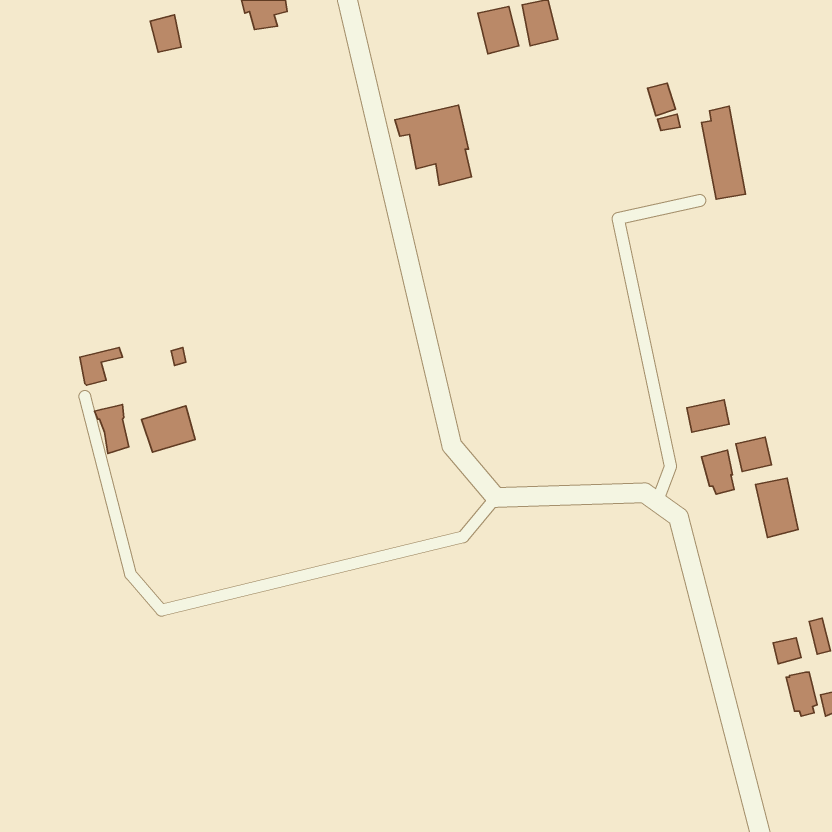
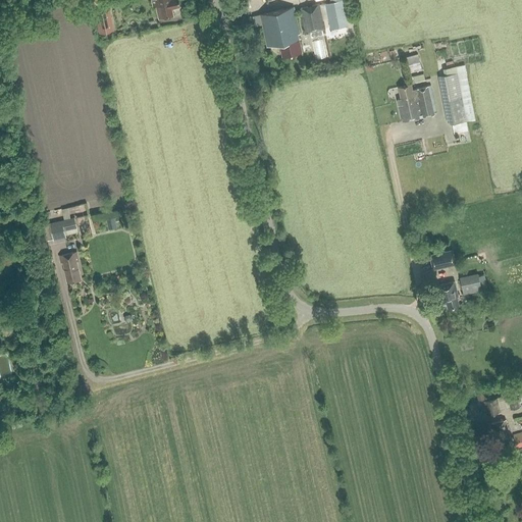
building: [395,105,472,185] -> [255,8,303,58]
building: none -> [399,86,436,122]
building: [141,406,195,452] -> none
building: [756,478,798,538] -> none

